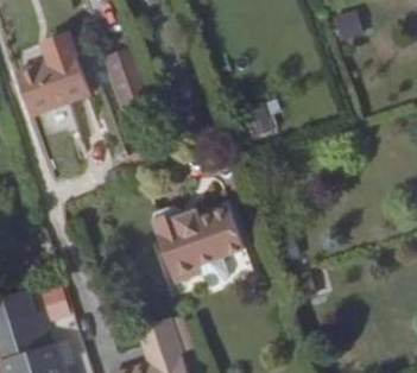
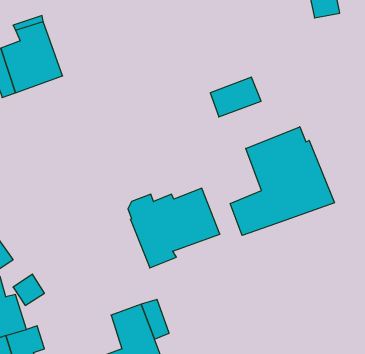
building: [105,48,152,116] -> none
building: none -> [230,127,335,235]

